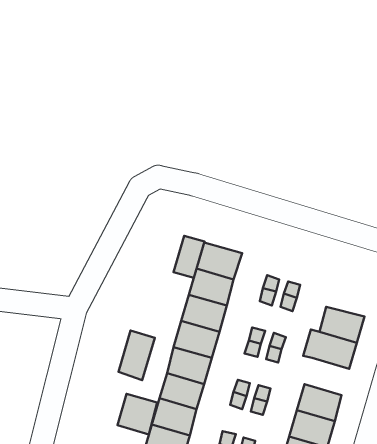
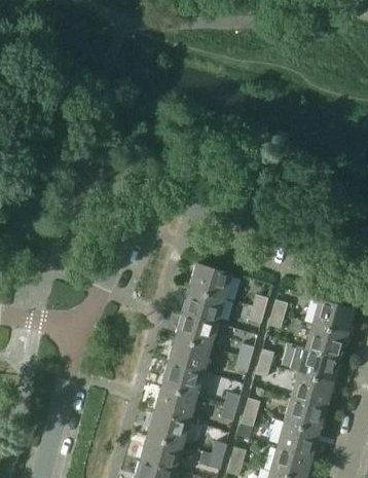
building: [174,236,204,278] -> none
building: none -> [310,299,354,334]
building: [118,331,155,380] -> none
building: none -> [290,373,332,408]
building: [118,394,157,434] -> none

